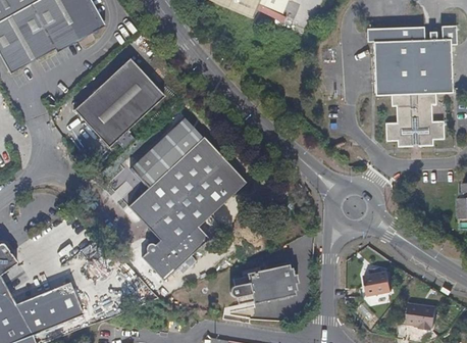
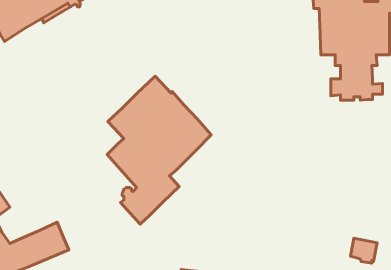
building: [72,56,164,146] -> none
building: [243,267,302,302] -> none
building: [366,272,394,295] -> none

